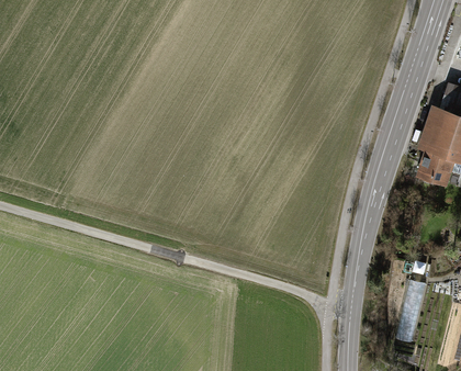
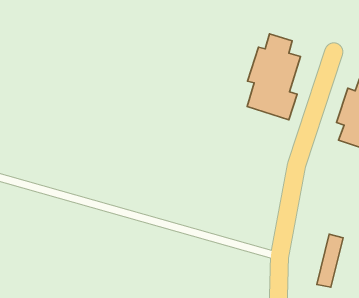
building: none -> [247,34,301,120]

